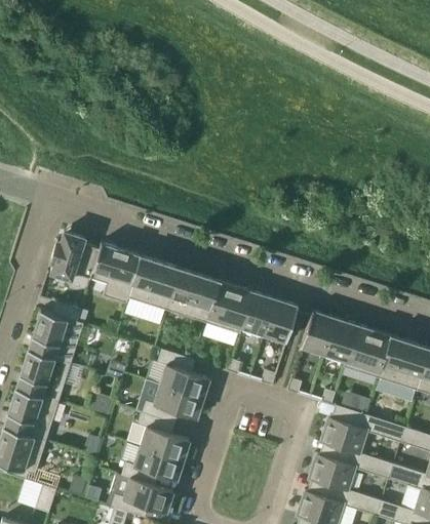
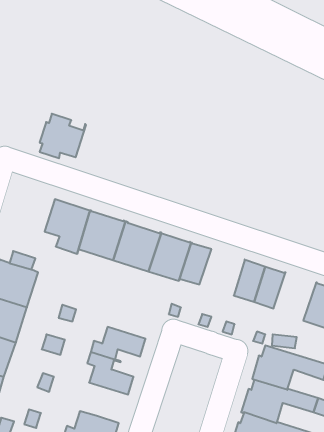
building: [50,231,102,280] -> [40,114,86,158]
building: [262,298,298,345] -> none
building: [343,324,391,377] -> none
building: [157,350,209,398] -> none
building: [121,446,183,483] -> none

